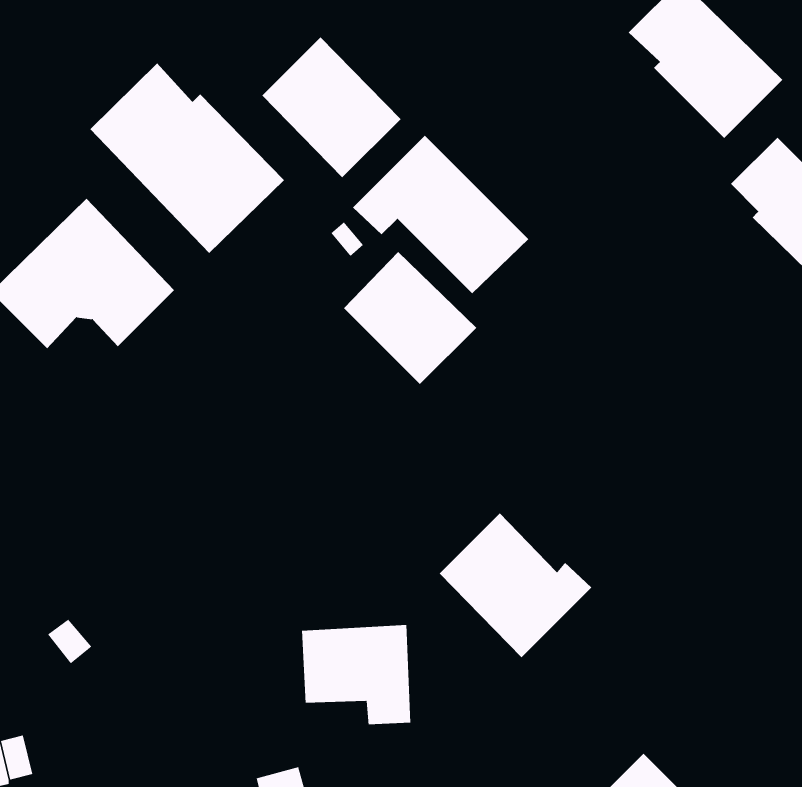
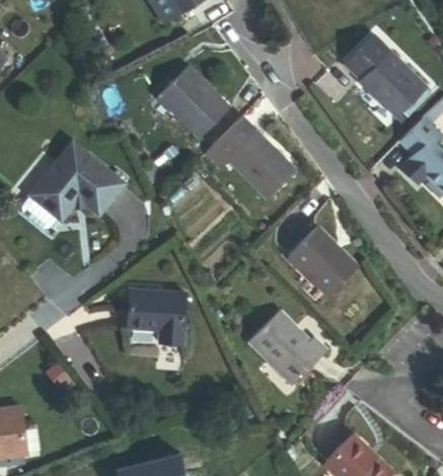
building: [89,63,285,254] -> none
building: [343,251,477,385] -> [289,227,358,296]
building: [301,624,411,725] -> [130,284,187,335]

